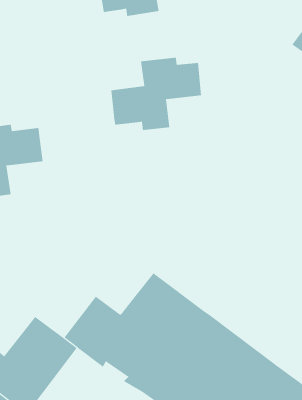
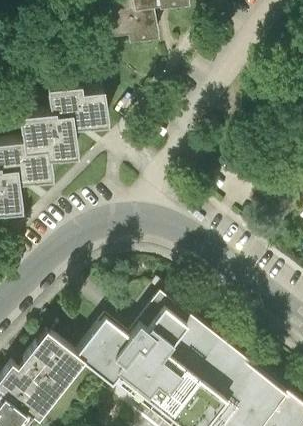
building: [110,57,202,131] -> [22,93,108,162]

